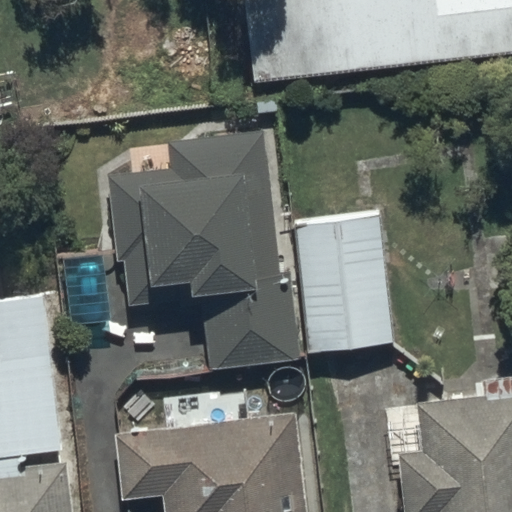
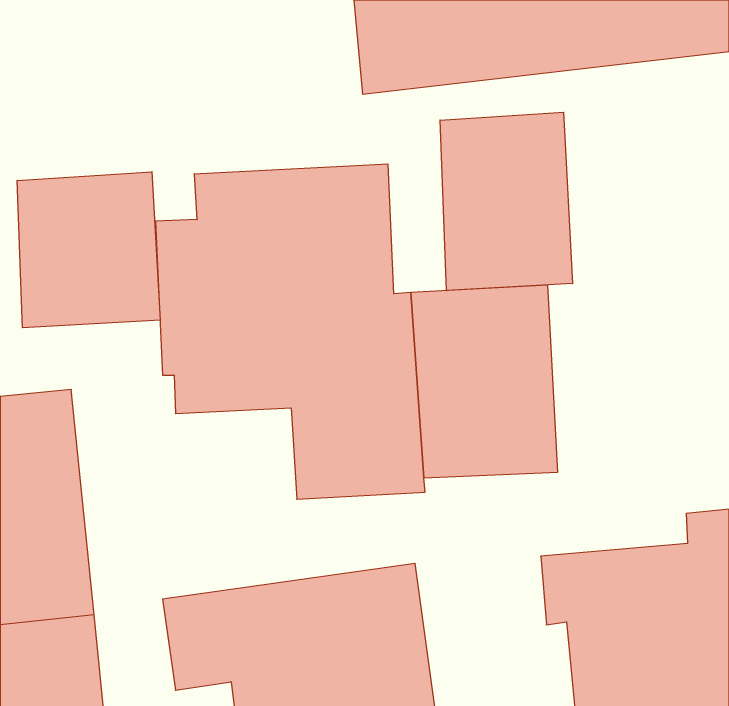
building: none -> [440,112,573,291]
building: none -> [17,172,160,328]

